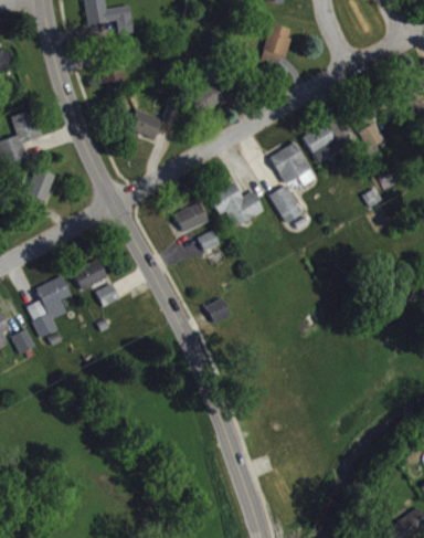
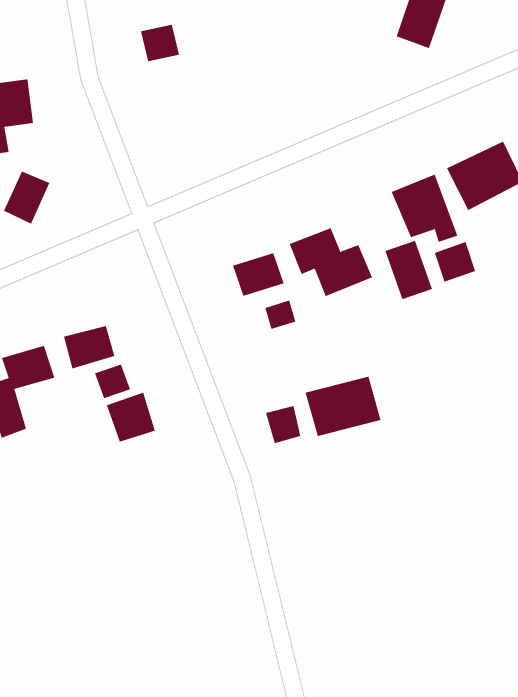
building: [200,77,225,109] -> none
building: [128,108,162,138] -> none
building: none -> [434,241,476,283]
building: none -> [305,376,381,437]
building: none -> [106,392,156,443]

